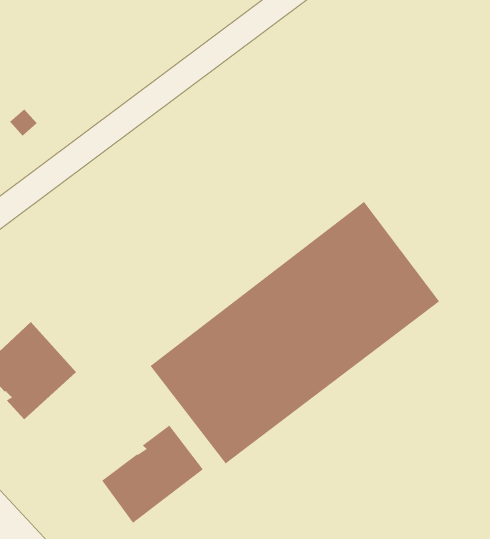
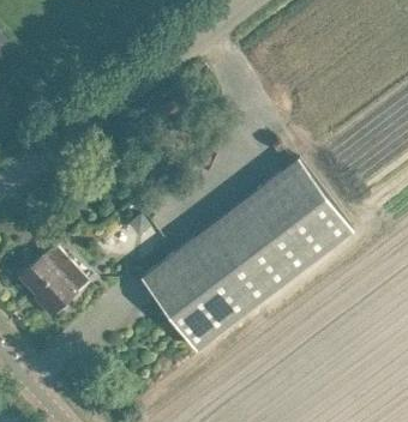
building: [101,425,204,524] -> none

